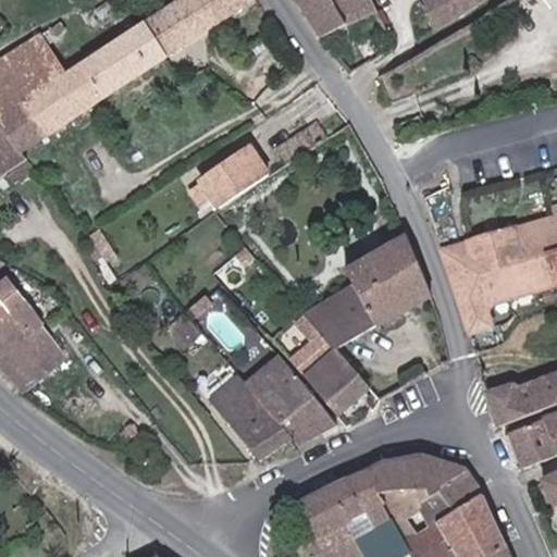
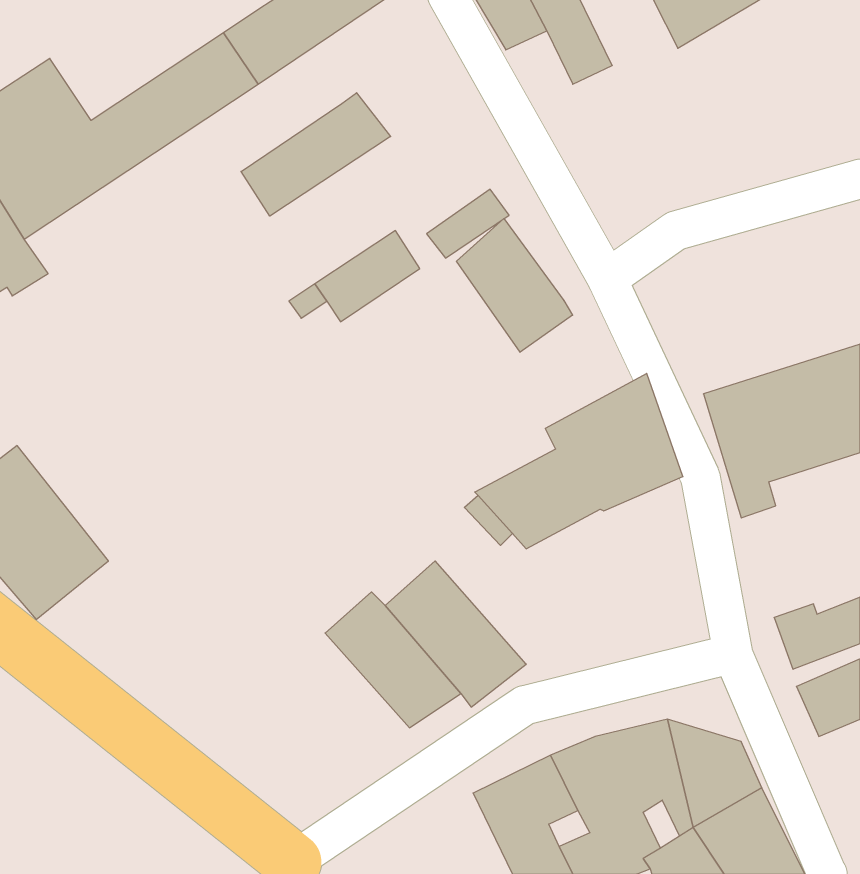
building: none -> [241,93,391,216]
building: none -> [456,219,573,352]
building: [301,347,366,410] -> none

